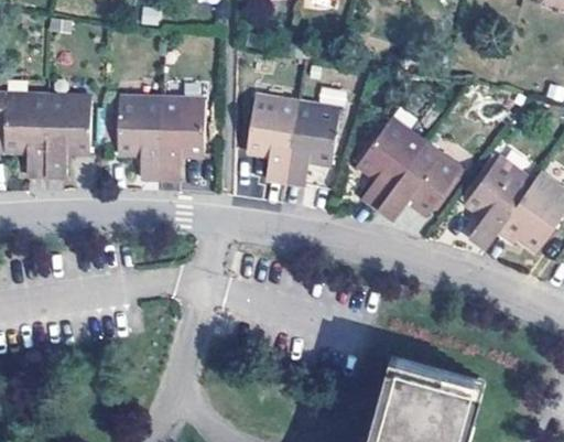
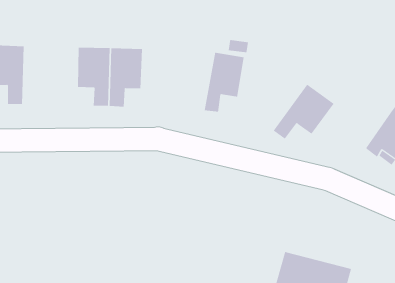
building: [46,97,90,174] -> none
building: [248,98,300,182] -> none
building: [358,122,422,208] -> none
building: [466,160,532,249] -> none

